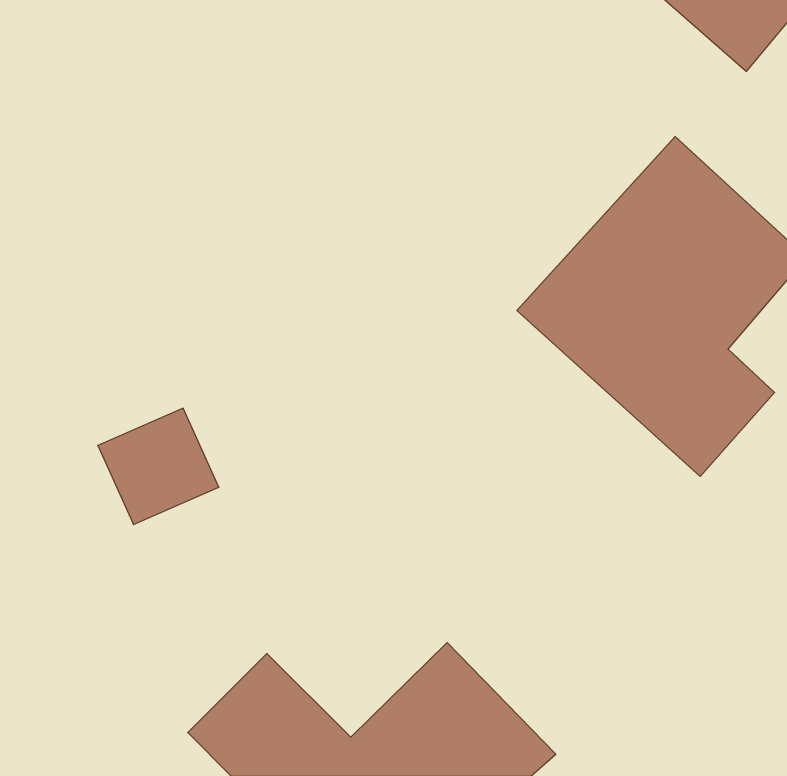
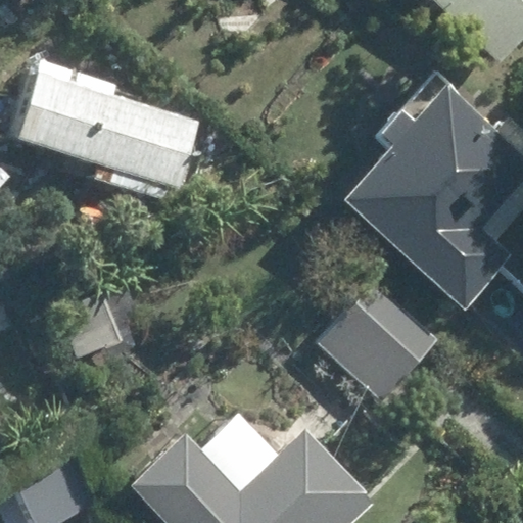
building: none -> [20,65,200,201]
building: none -> [319,281,439,400]

